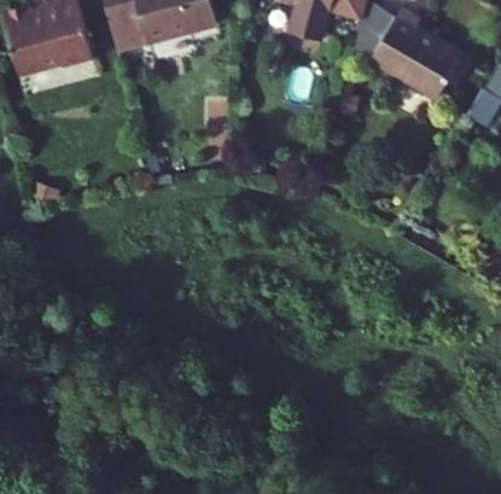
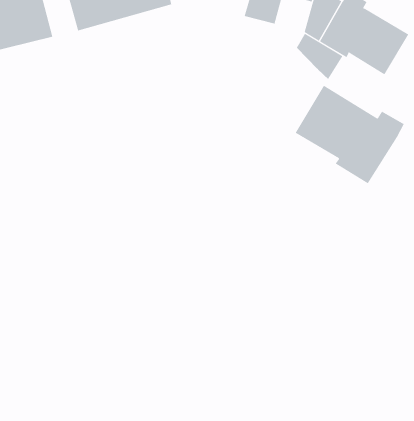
building: none -> [296,33,343,80]
building: none -> [295,85,405,184]

